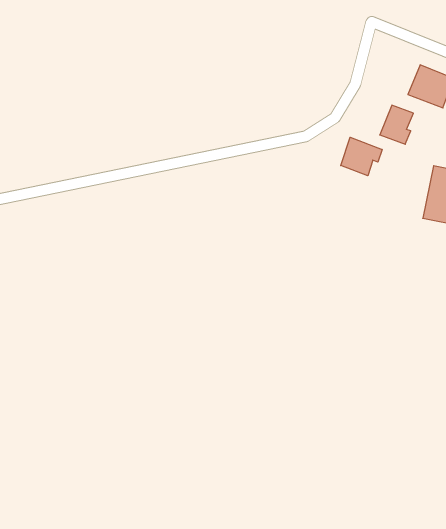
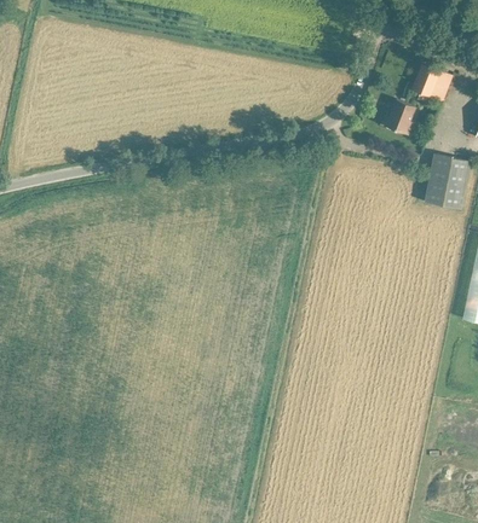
building: [341,137,382,176] -> none

